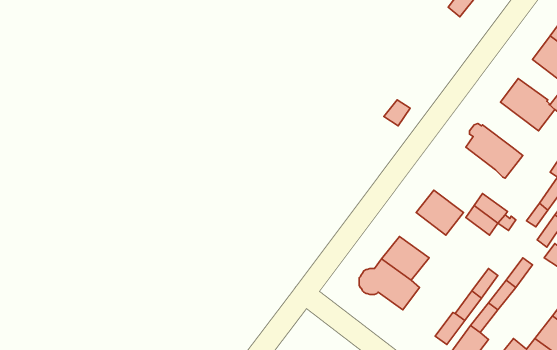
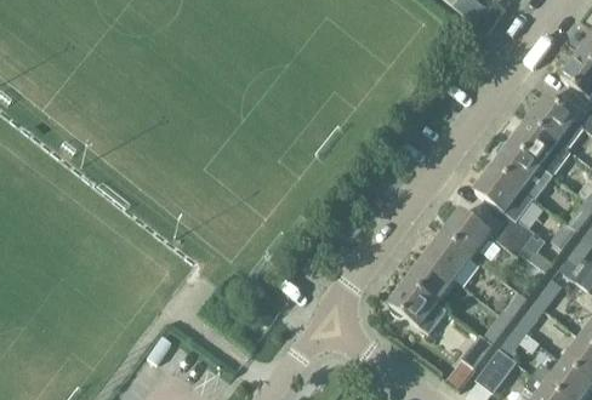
building: none -> [511,120,570,175]
building: none -> [476,166,531,213]
building: none -> [426,233,473,279]

